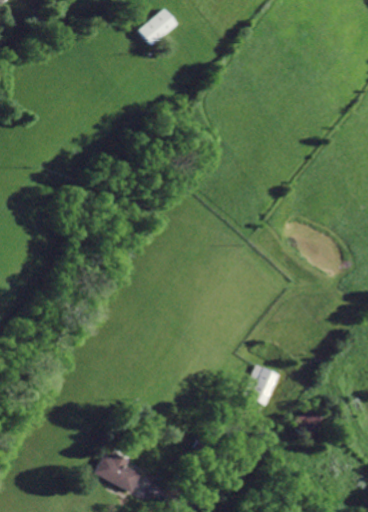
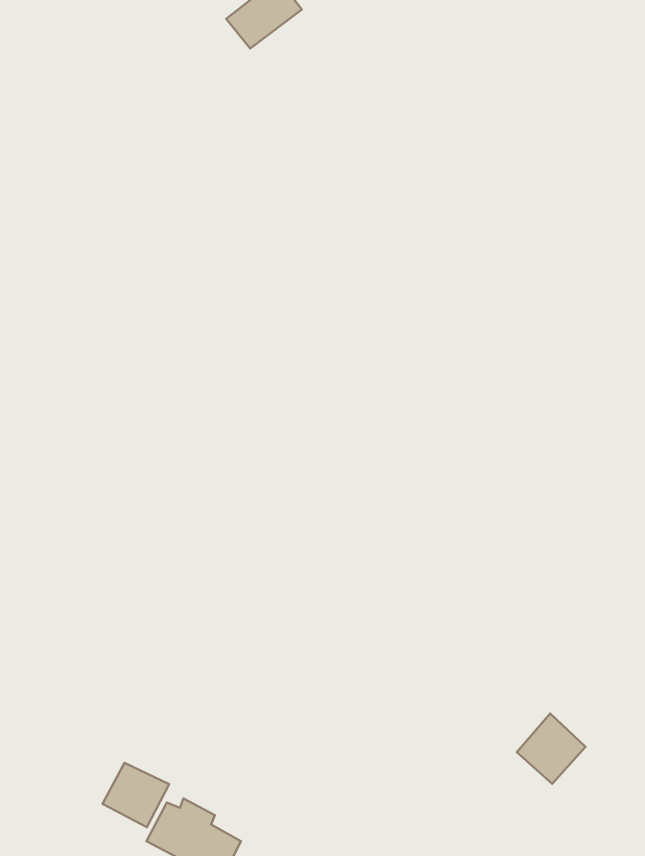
building: [244,365,282,405] -> none
building: none -> [102,763,169,827]

